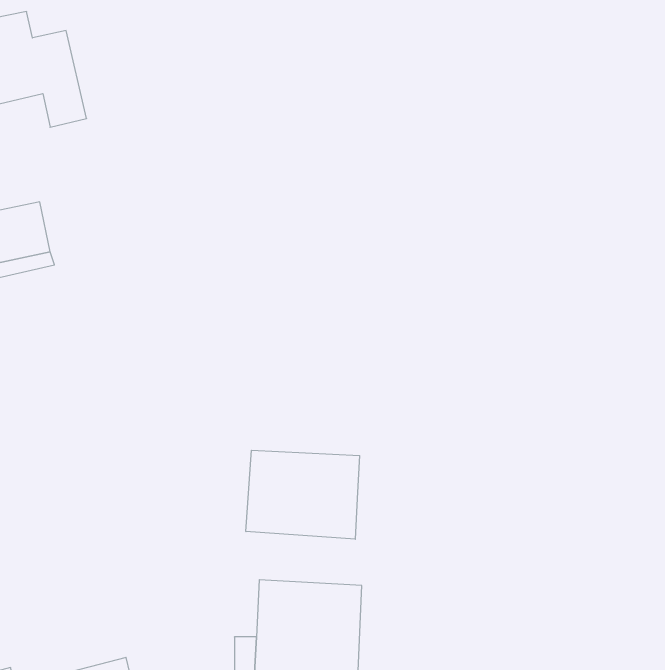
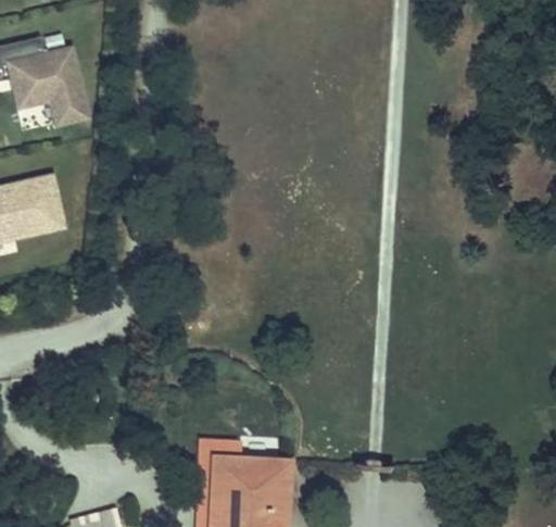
building: [246,450,360,539] -> none

